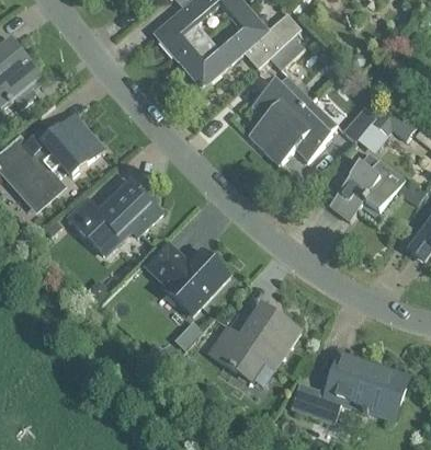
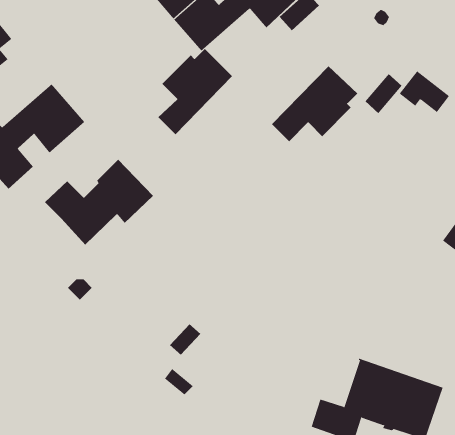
building: [247,74,311,149] -> [158,48,233,135]
building: [329,152,404,219] -> none
building: [145,242,228,313] -> none
building: [208,302,299,379] -> none

